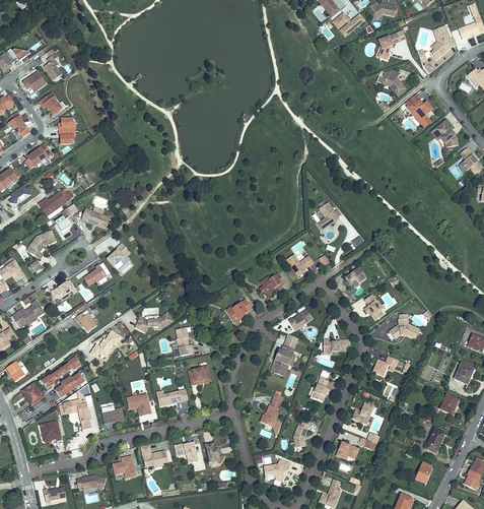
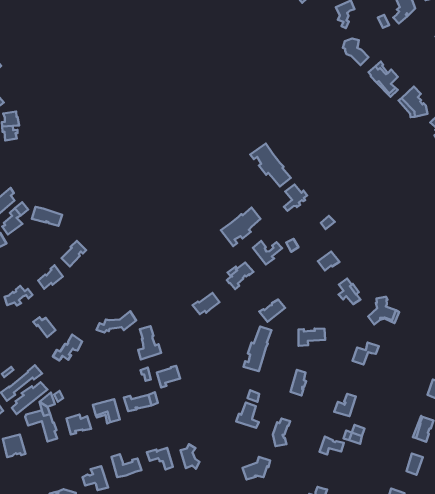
building: none -> [250,144,291,186]
building: none -> [221,207,260,246]

